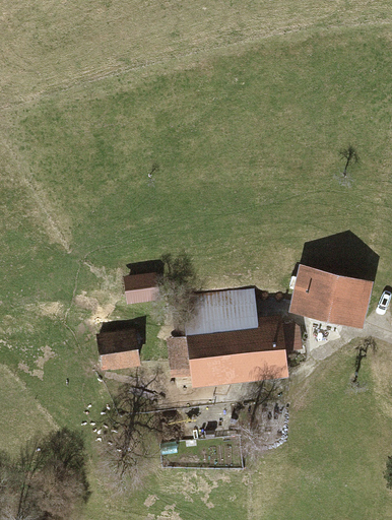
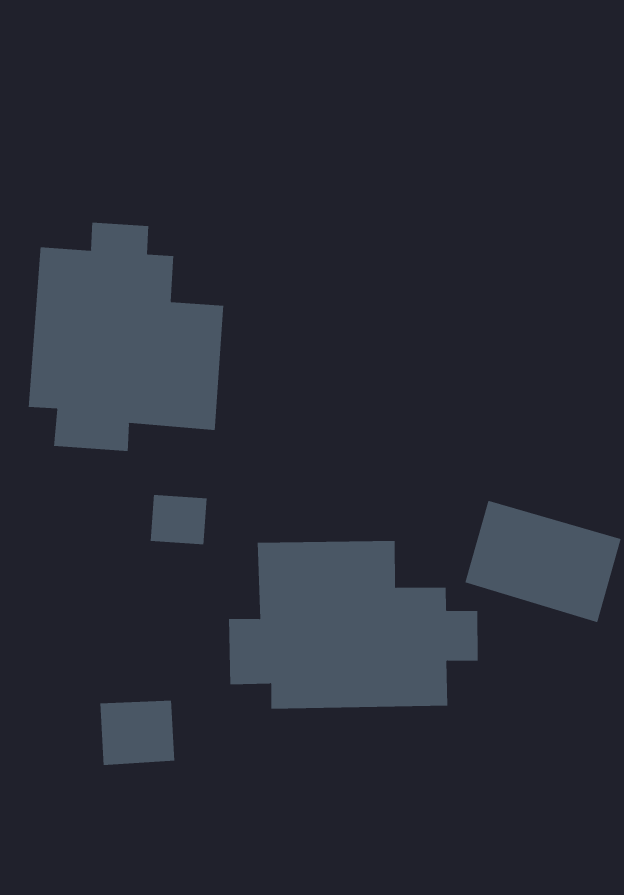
building: none -> [28,222,224,452]
building: [97,334,139,371] -> [100,700,175,766]

